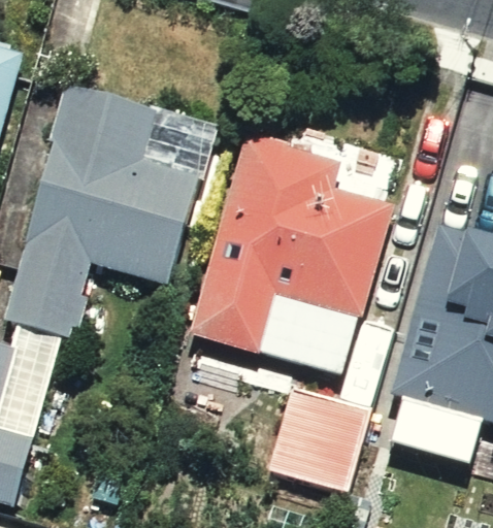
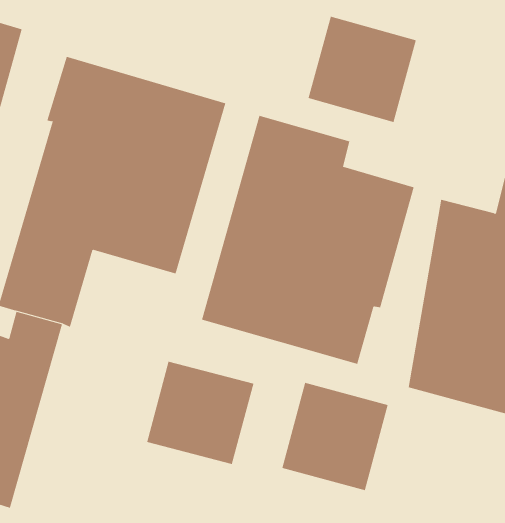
building: none -> [308,16,417,123]
building: none -> [146,361,254,465]

